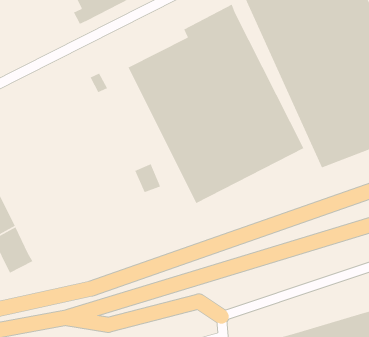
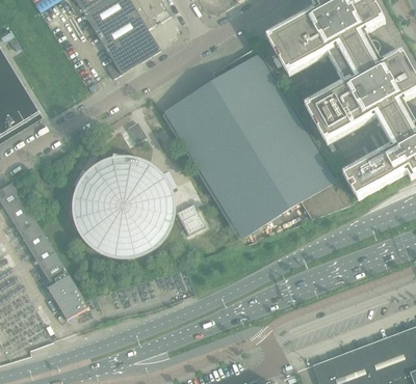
building: none -> [75,159,174,255]

